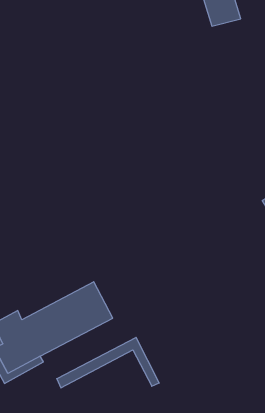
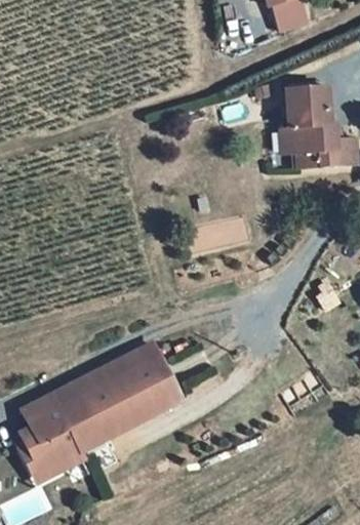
building: none -> [275,84,350,167]
building: [57,337,159,388] -> [49,345,176,407]

